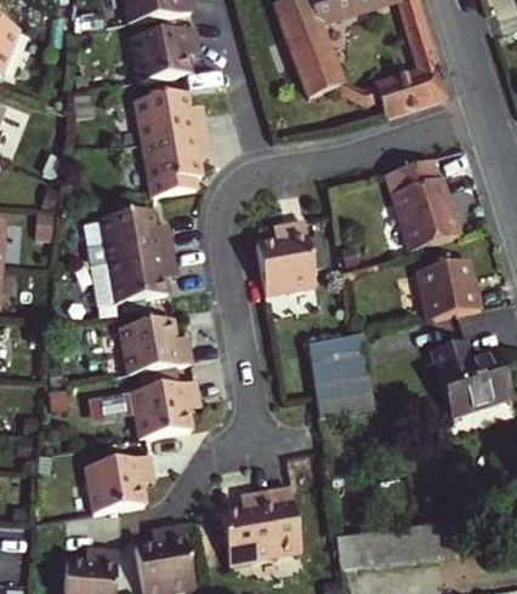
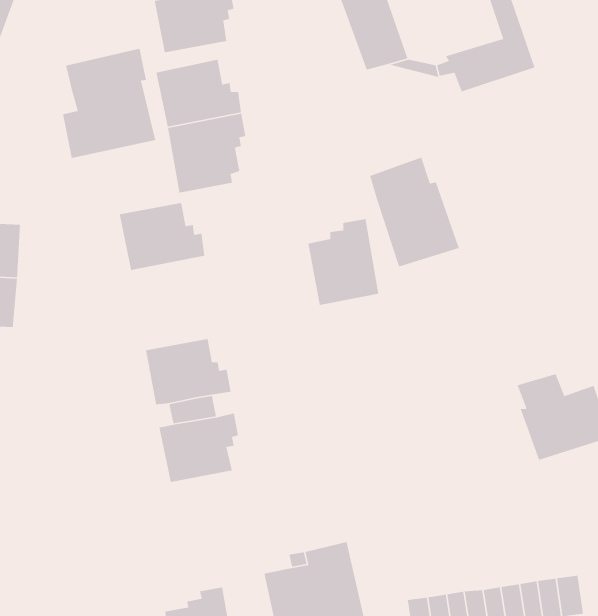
building: none -> [62,48,156,159]
building: [385,155,460,247] -> [369,157,460,268]
building: [92,249,176,310] -> none
building: [416,262,479,319] -> none
building: [309,330,374,415] -> none
building: [89,453,155,512] -> none

